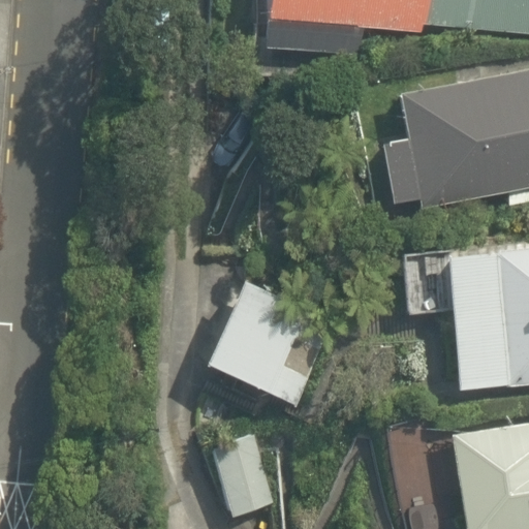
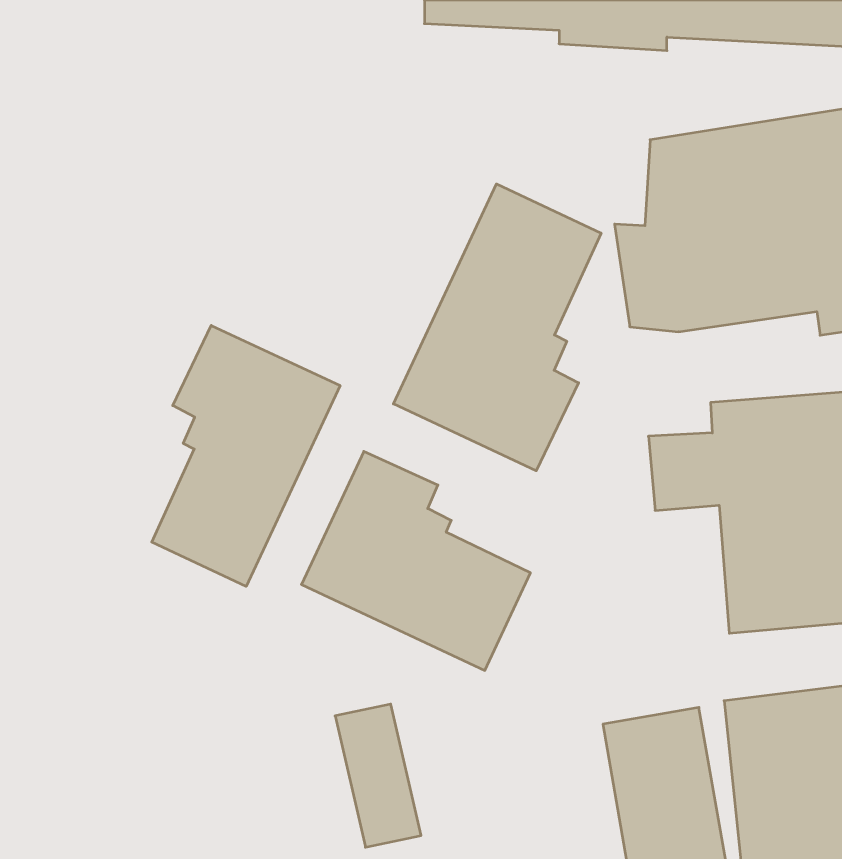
building: none -> [393,184,601,471]
building: none -> [152,325,340,586]

